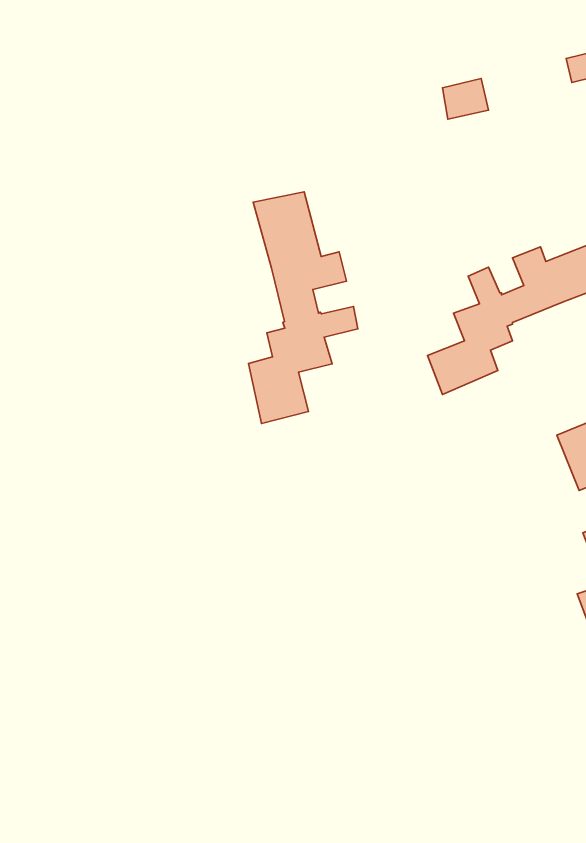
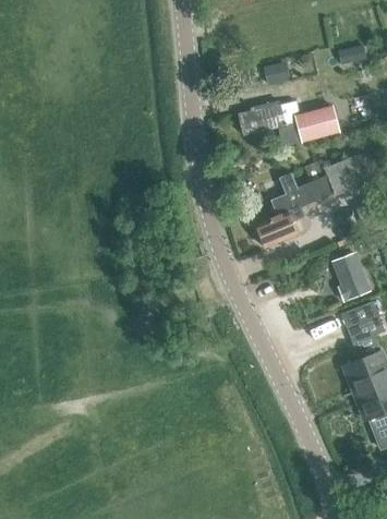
building: none -> [238,100,340,145]
building: [248,192,358,424] -> none

